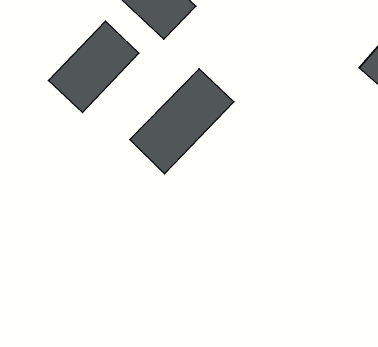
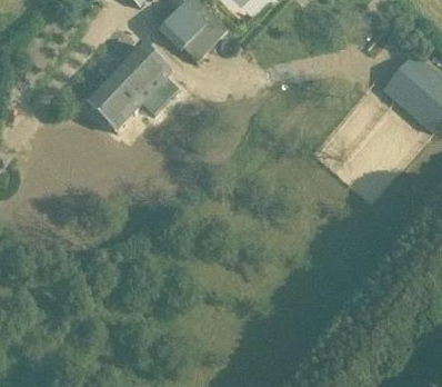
building: [130,69,234,174] -> none

